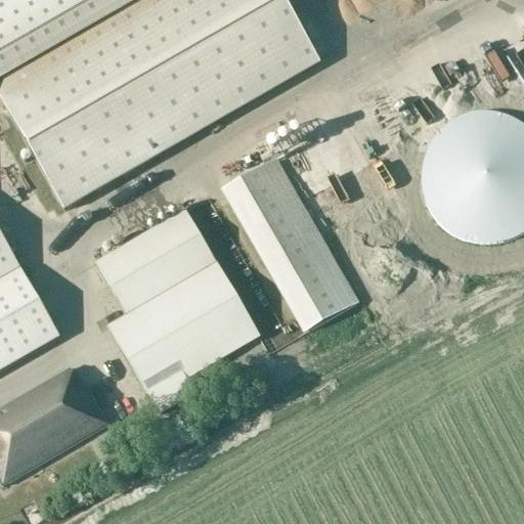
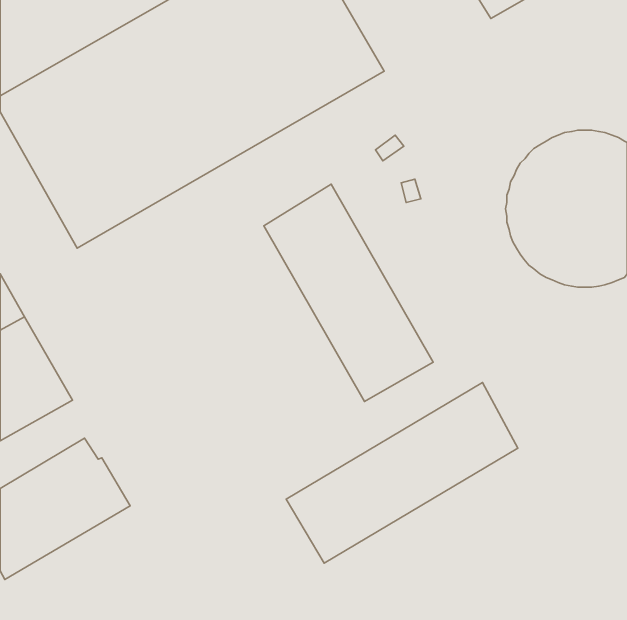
building: [96,210,260,411] -> none
building: none -> [286,383,518,563]

